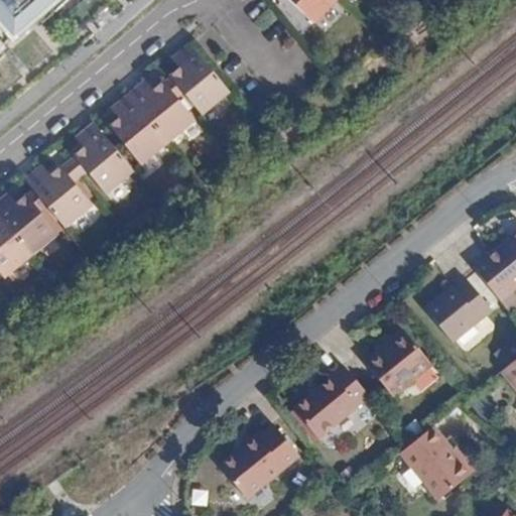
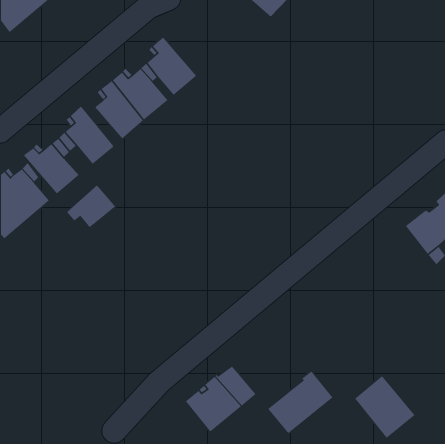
building: none -> [66,184,116,228]
building: [431,285,497,348] -> none
building: [374,339,438,403] -> none
building: [292,366,369,439] -> [267,370,333,434]

